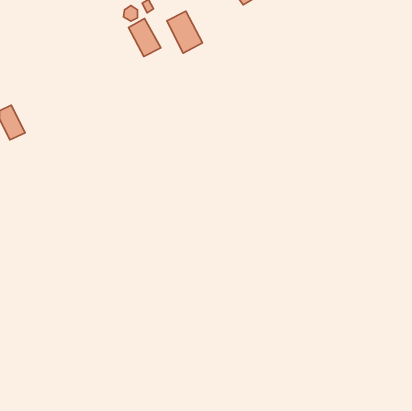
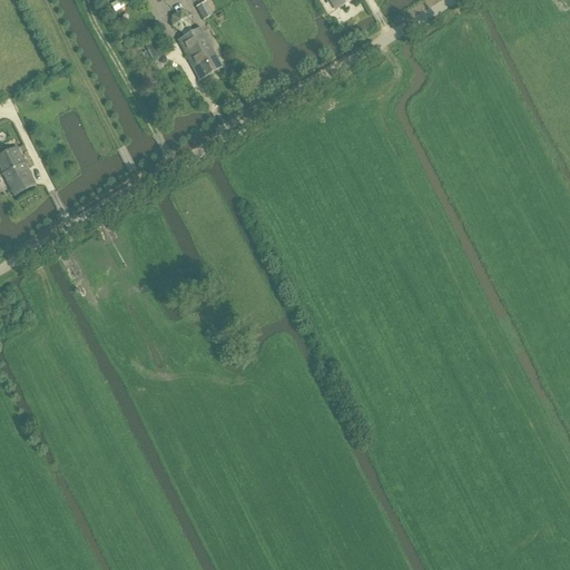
building: [167,11,203,53] -> none

